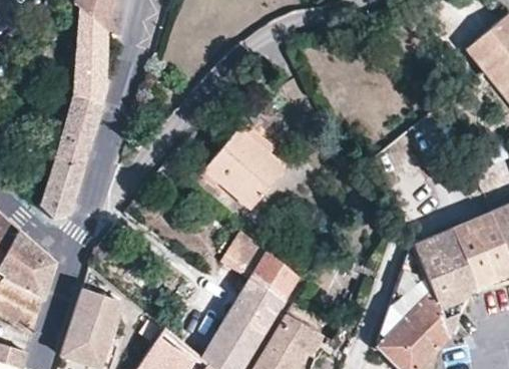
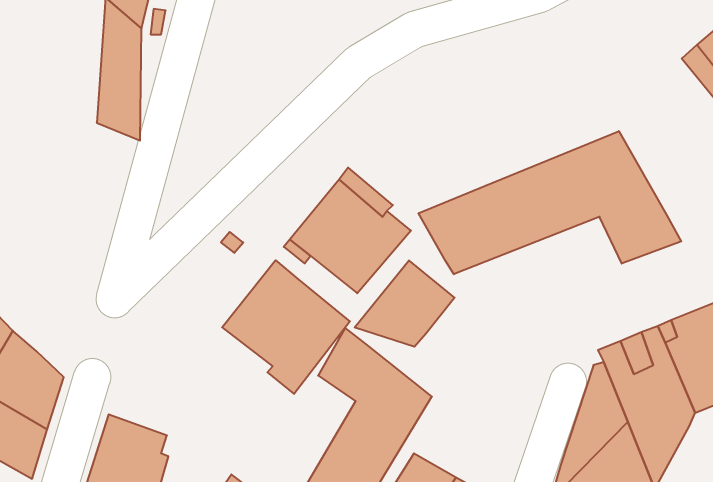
building: [38,93,103,218] -> none
building: none -> [418,131,681,274]
building: none -> [222,260,350,394]
building: none -> [355,260,455,347]

